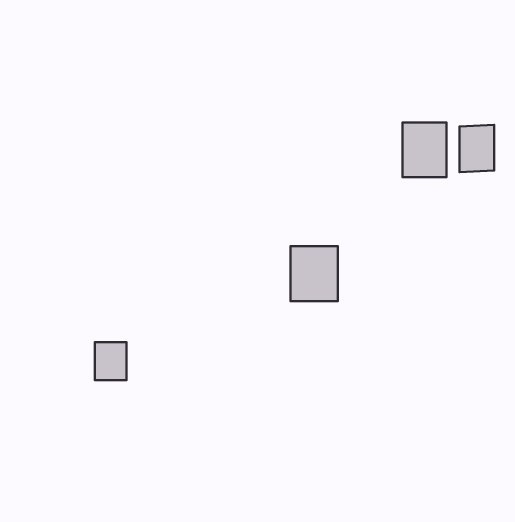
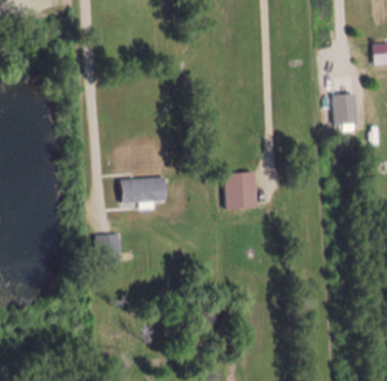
building: [403,123,447,177] -> none
building: none -> [121,177,168,203]

